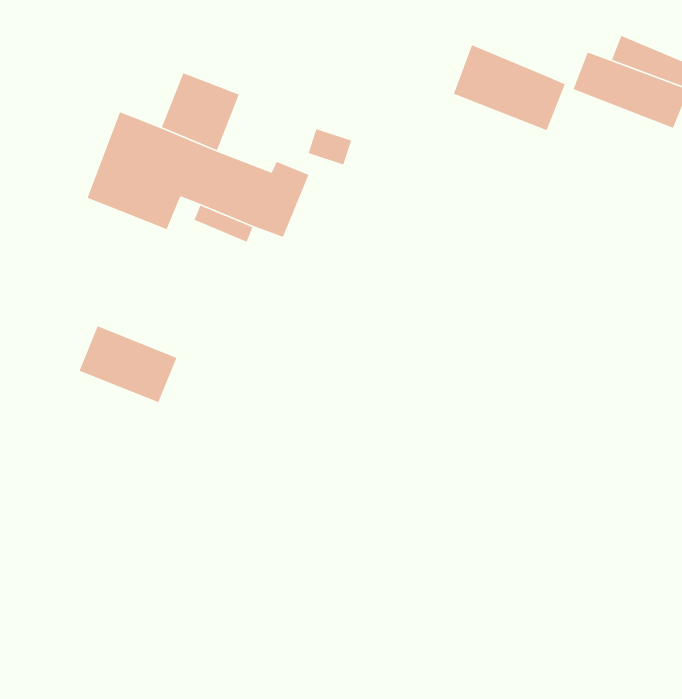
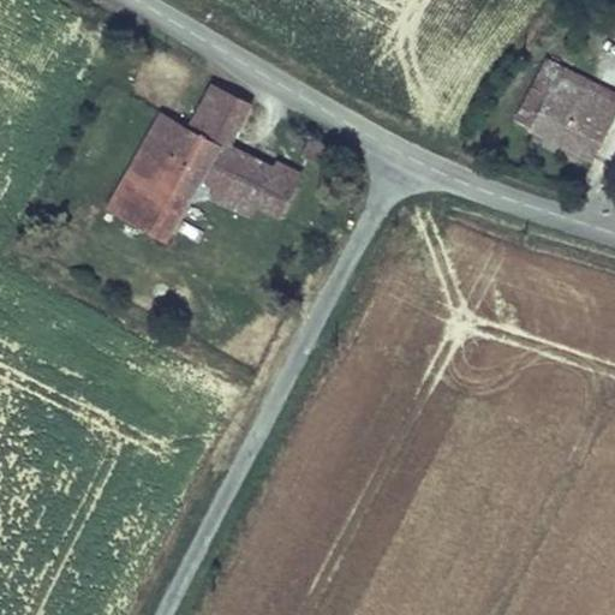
building: [453,44,566,131] -> none
building: [78,325,178,403] -> [107,173,186,239]

